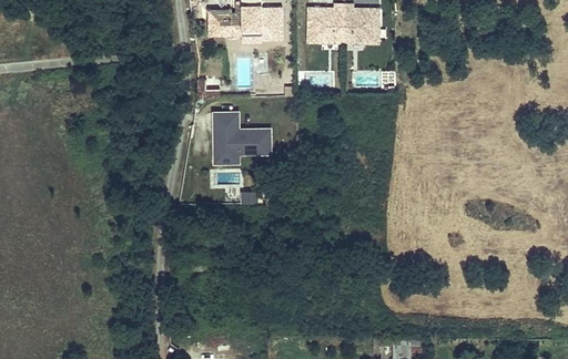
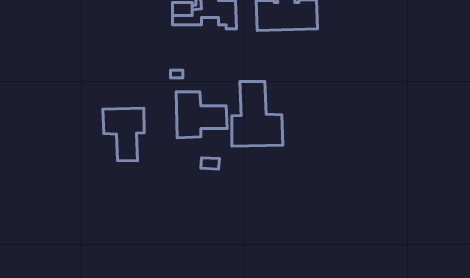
building: none -> [232,82,283,146]
building: none -> [103,108,144,161]

